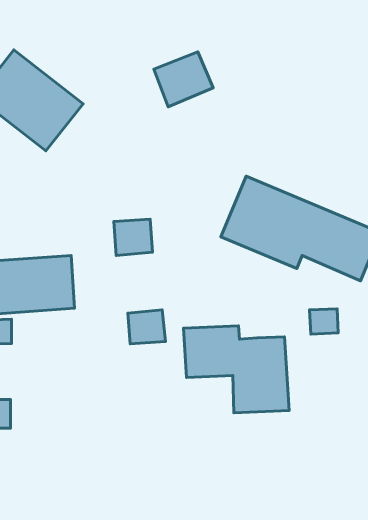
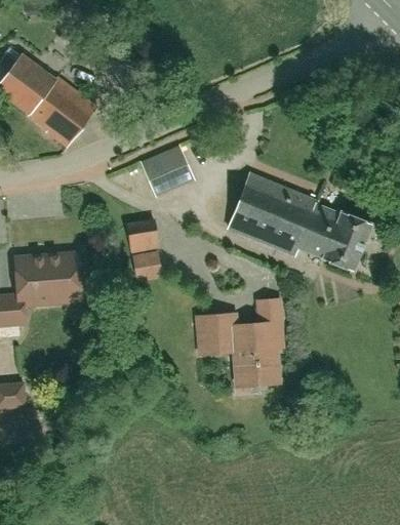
building: [154,52,213,107] -> [142,146,197,197]
building: [310,309,338,334] -> [255,300,282,324]
building: [128,310,165,344] -> [130,249,165,281]

